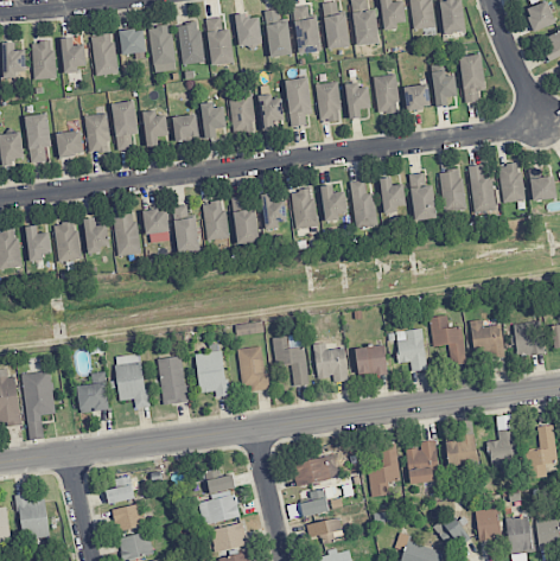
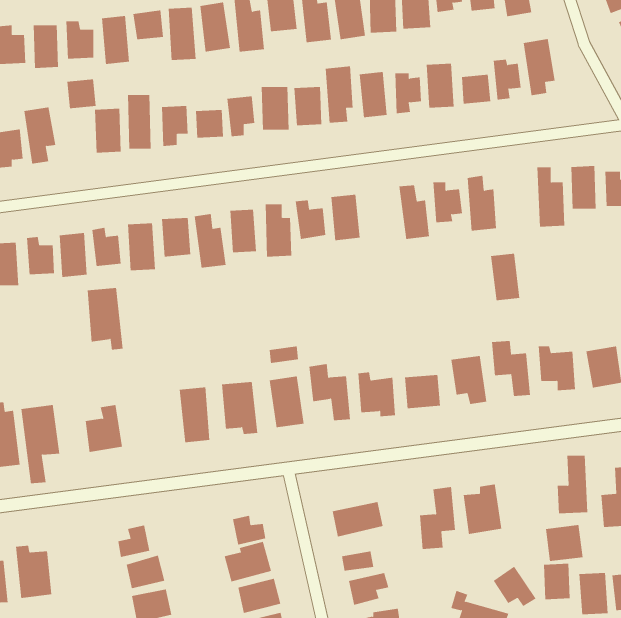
building: [57,130,83,157] -> [66,79,97,109]
building: [439,170,465,211] -> [490,253,520,301]
building: [320,185,348,219] -> none
building: [115,353,147,408] -> [87,287,124,350]
building: [445,436,478,468] -> [545,525,583,561]

